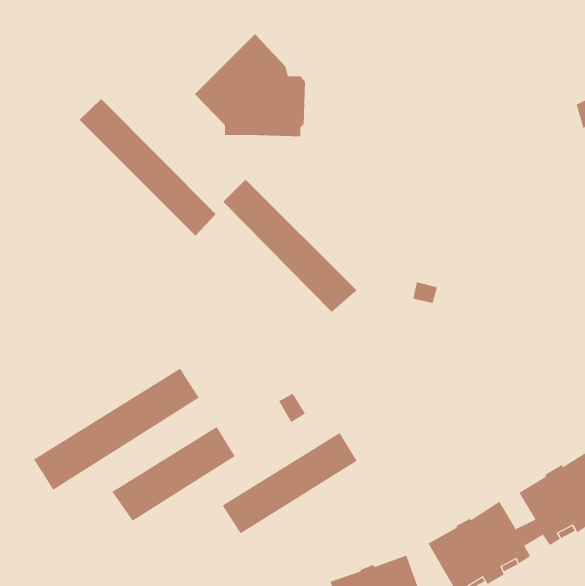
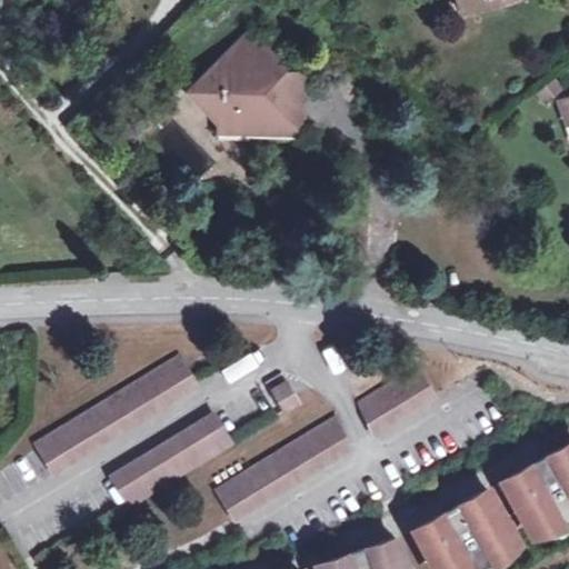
building: [79,98,217,236] -> none
building: [223,179,357,313] -> none
building: none -> [353,366,433,433]

